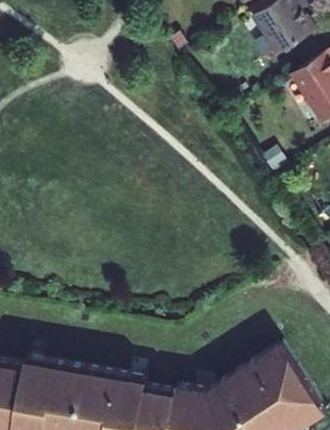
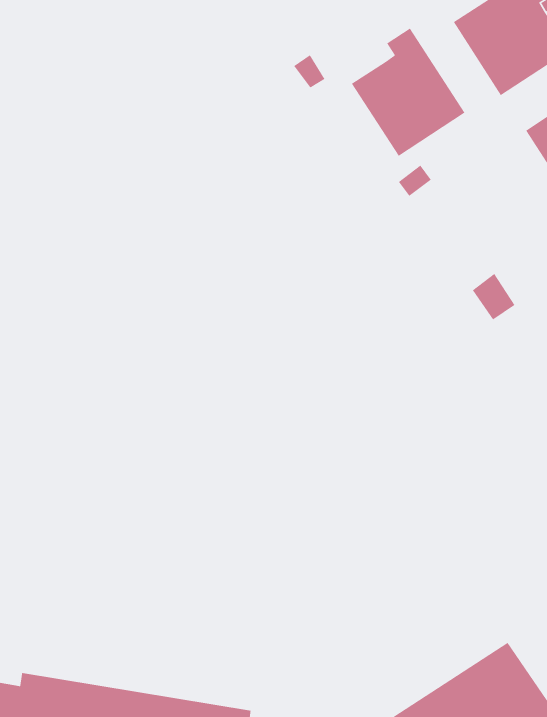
building: none -> [351,27,465,157]

